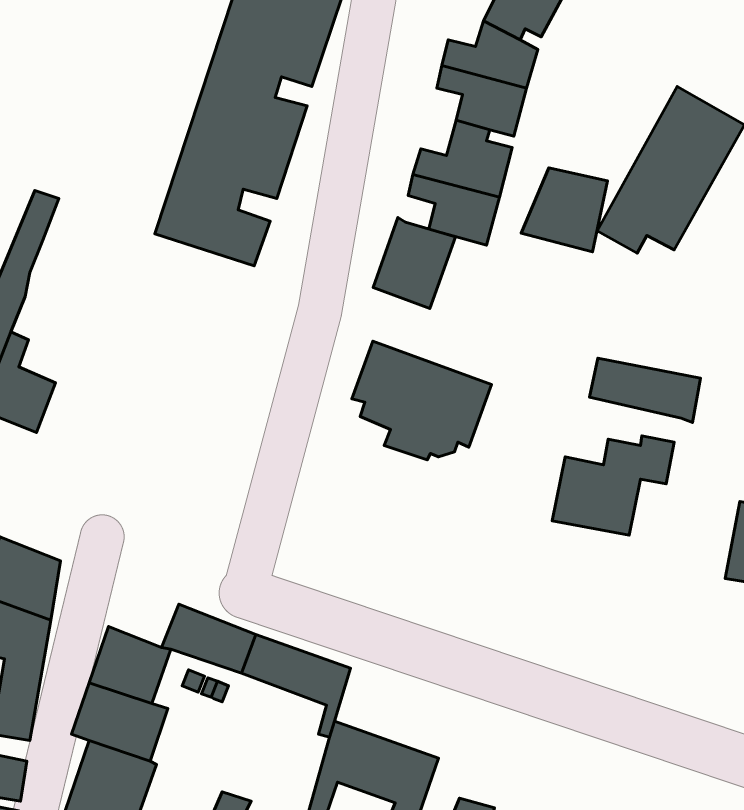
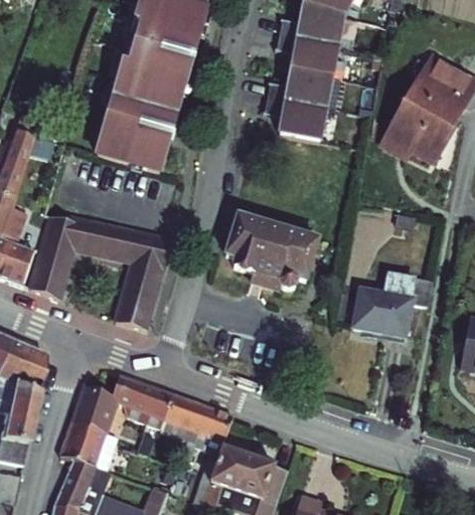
building: [521,168,608,252] -> none
building: [373,217,456,309] -> none
building: none -> [37,211,175,326]
building: [589,358,700,423] -> none

